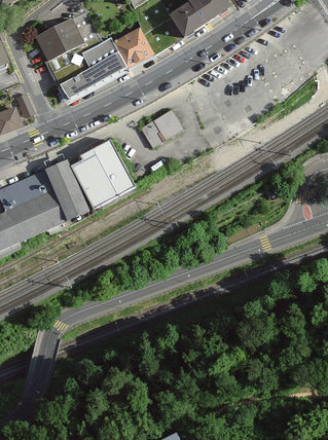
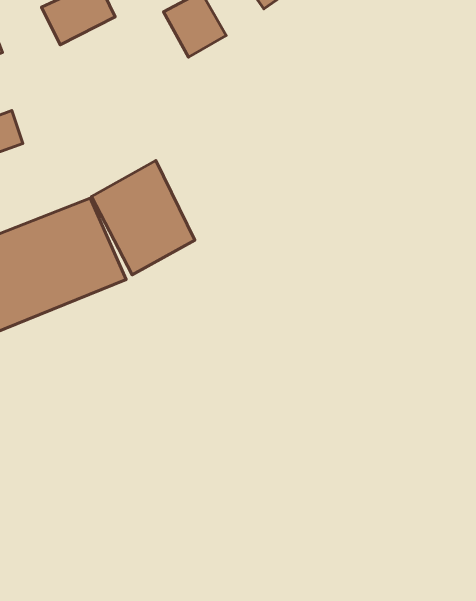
building: [57,39,126,105] -> none
building: [140,109,184,149] -> none

